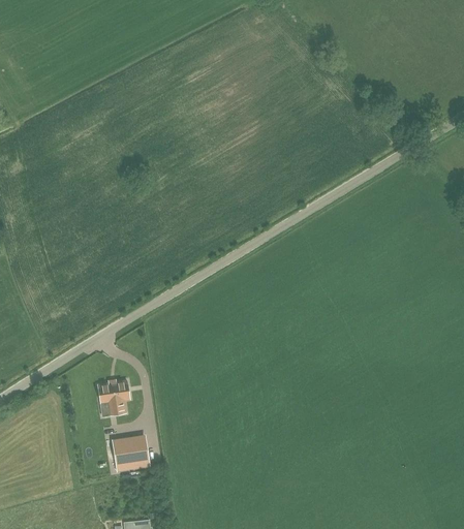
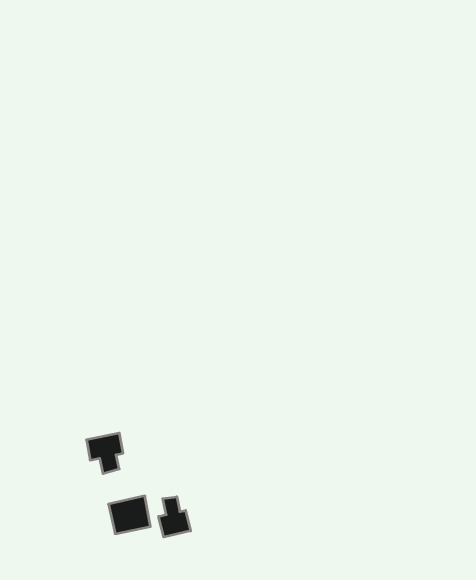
building: none -> [159,497,191,537]

